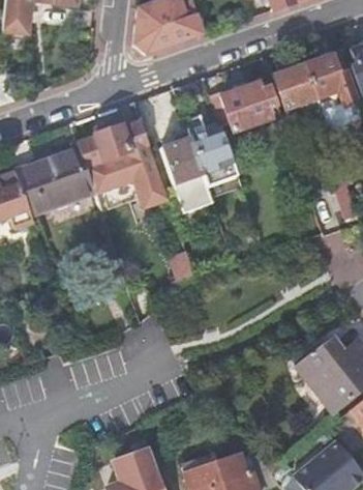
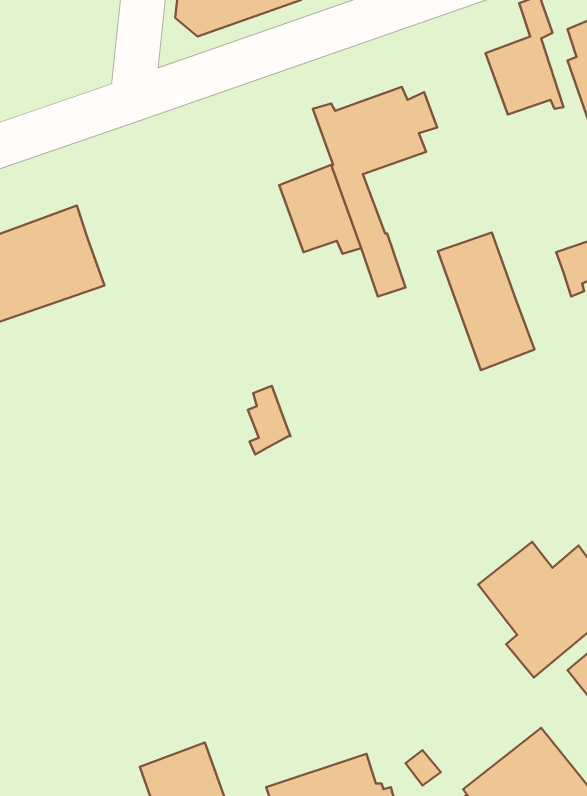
building: [274,63,317,113] -> none
building: [75,120,169,208] -> none
building: [160,137,214,213] -> [438,232,535,370]

